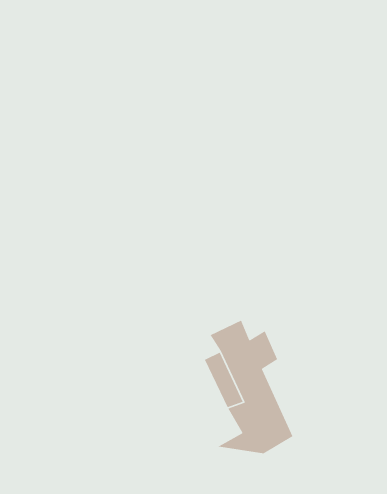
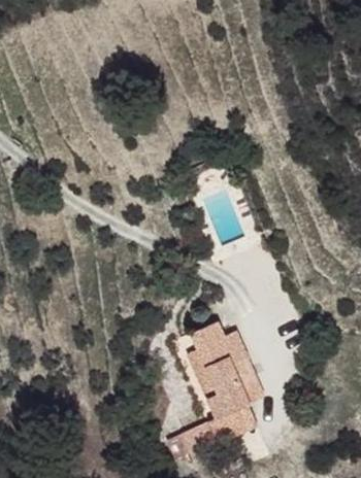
building: none -> [188,417,241,450]

